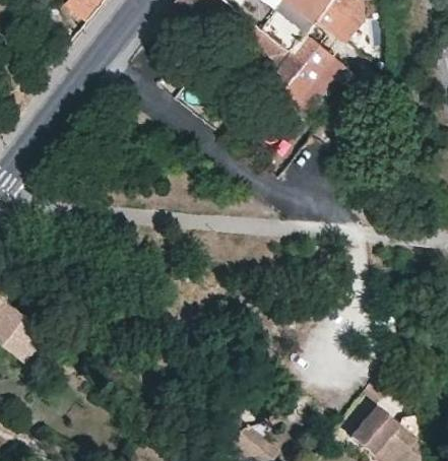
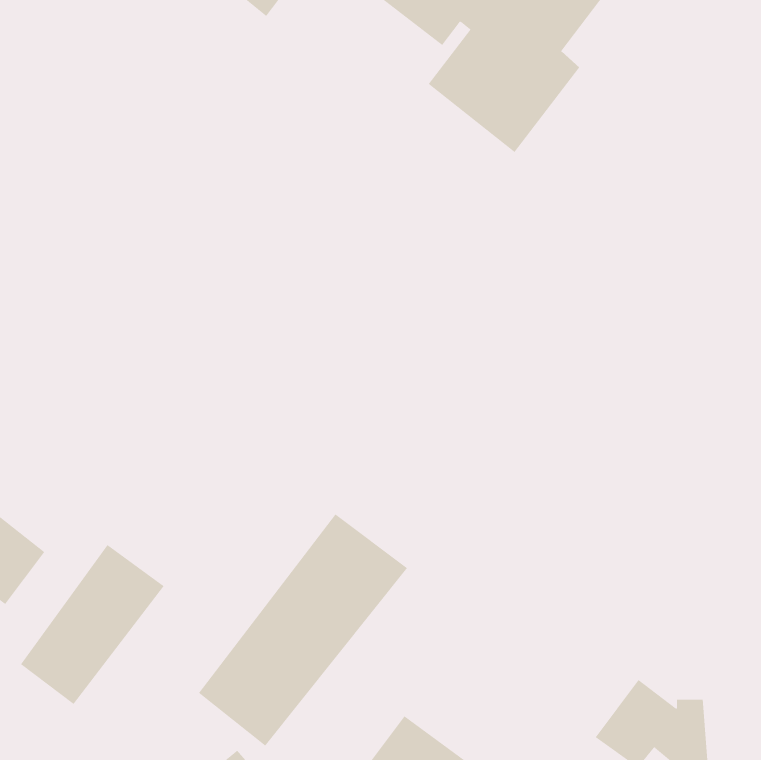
building: none -> [198,514,408,746]
building: none -> [20,544,165,705]

